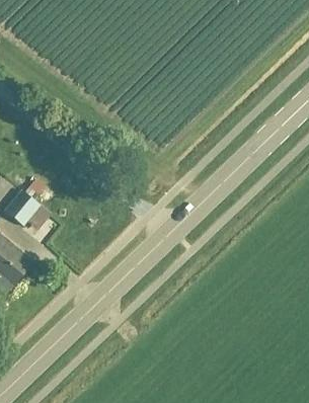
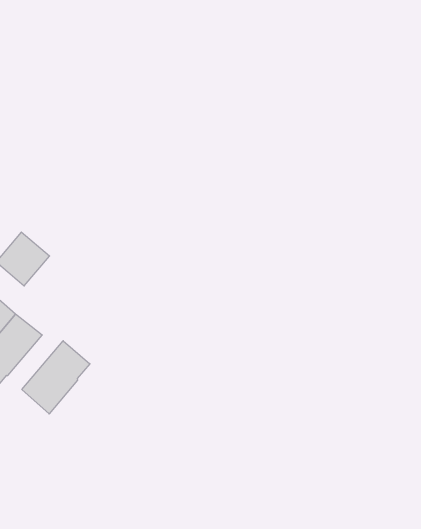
building: none -> [22,341,90,414]

